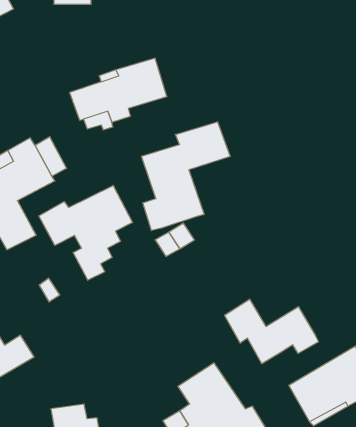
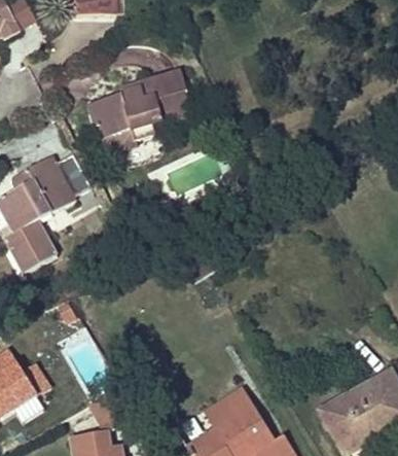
building: [141,122,230,231] -> none
building: [39,185,133,280] -> none
building: [224,299,318,364] -> none

